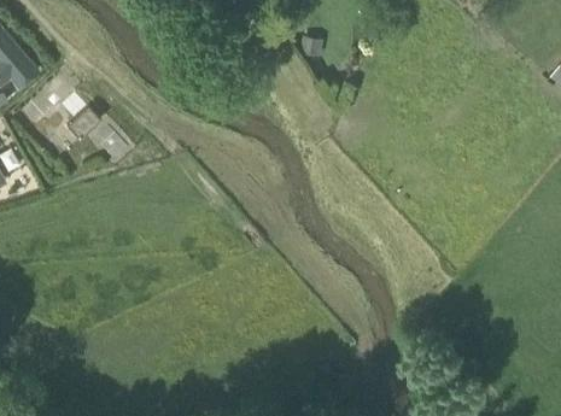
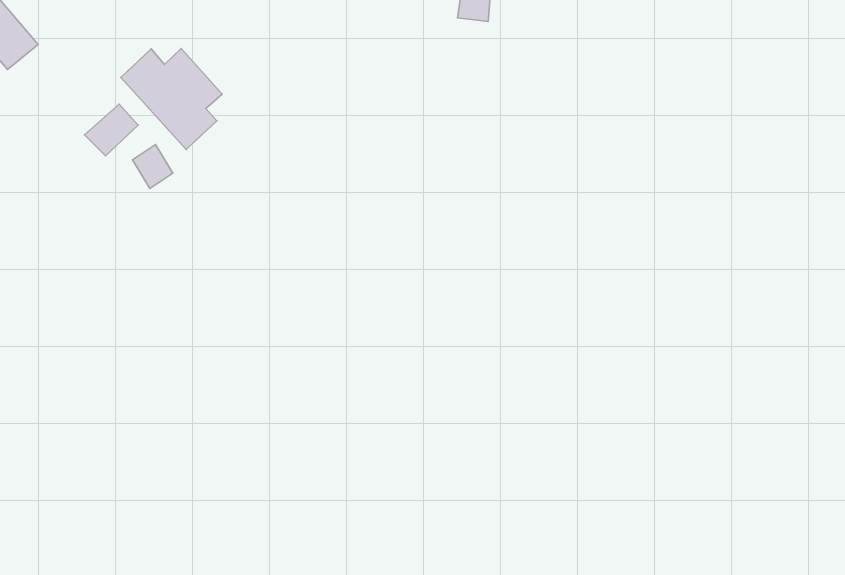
building: none -> [121,48,222,149]

